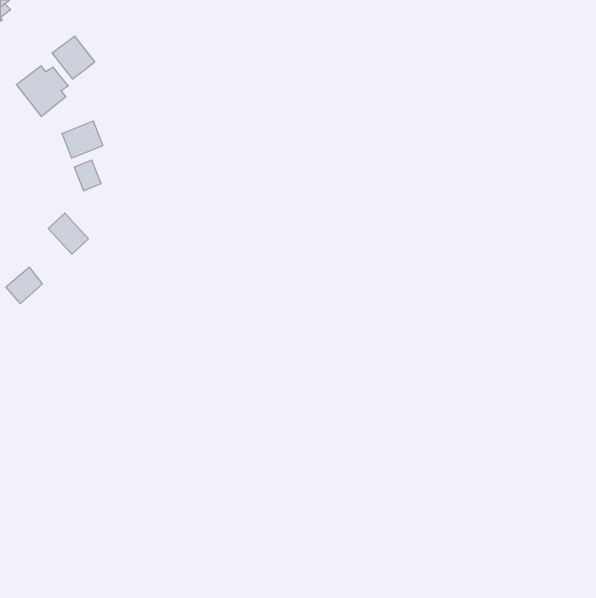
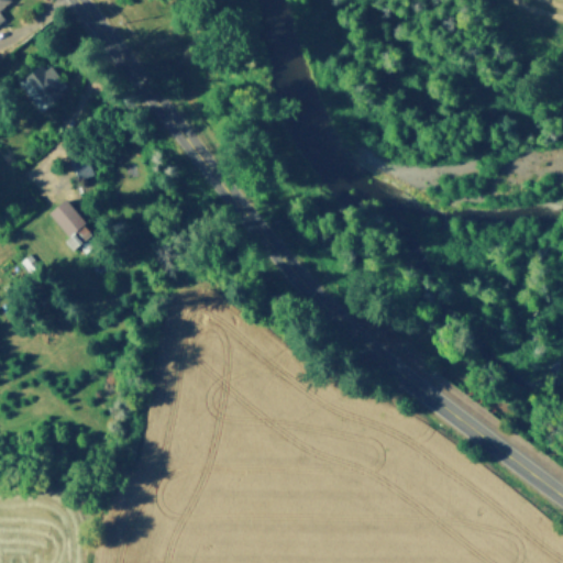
building: [52,36,95,79] -> none
building: [62,121,103,158] -> none

